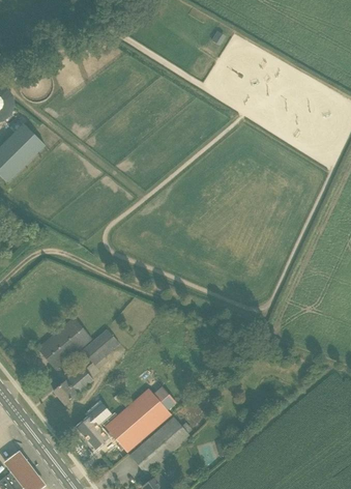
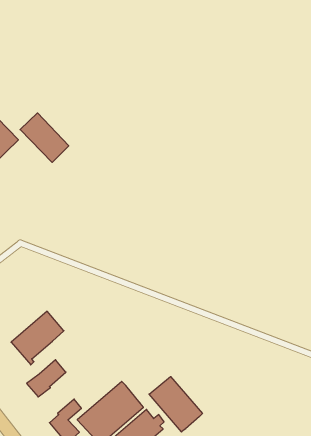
building: none -> [20,113,69,162]
building: [82,329,119,365] -> none
building: none -> [149,377,202,432]

